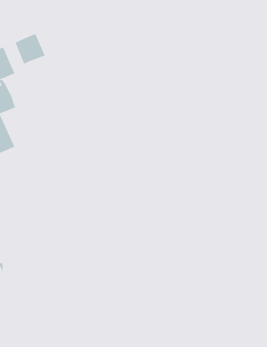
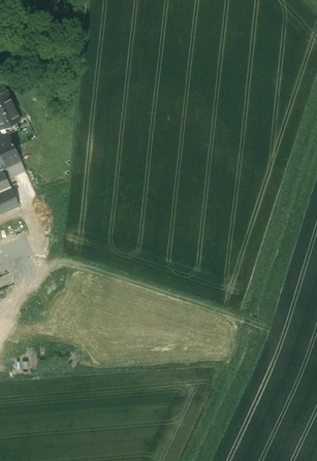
building: [15,33,45,65] -> none

